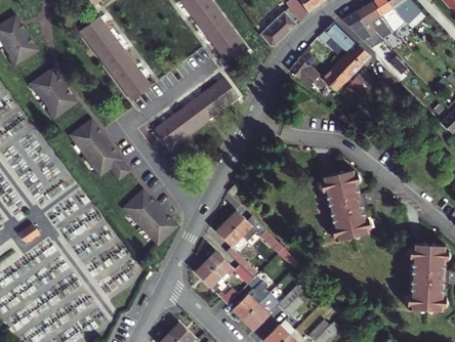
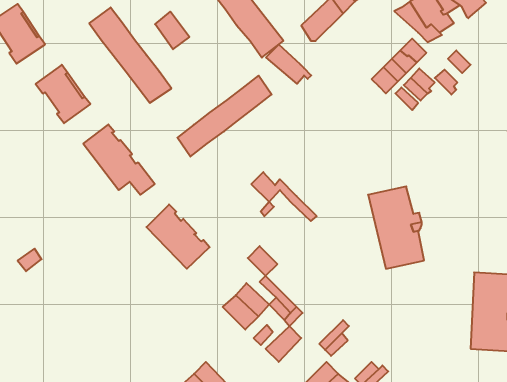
building: none -> [155,12,189,49]
building: [320,23,357,52] -> none
building: [289,58,328,92] -> [266,44,311,84]
building: [225,212,282,254] -> [251,172,317,221]
building: [242,301,273,331] -> none

